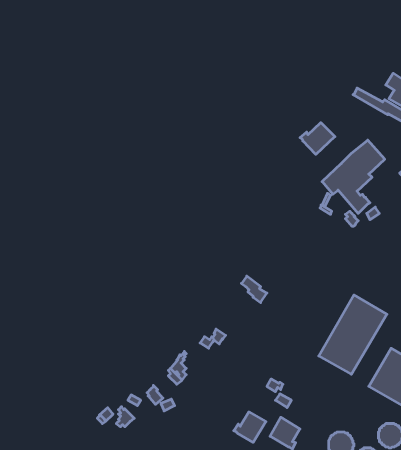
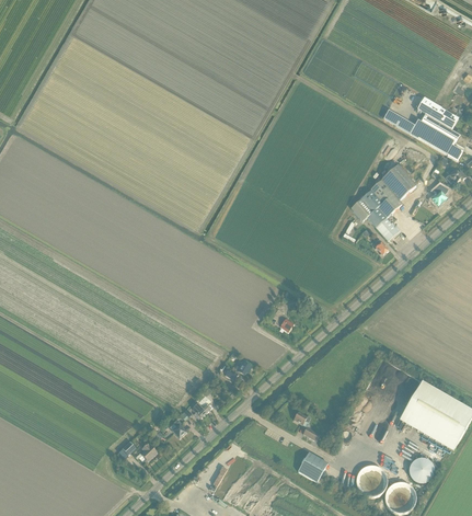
building: [300,123,335,154] -> none
building: [319,295,387,374] -> none
building: [234,412,266,442] -> none

